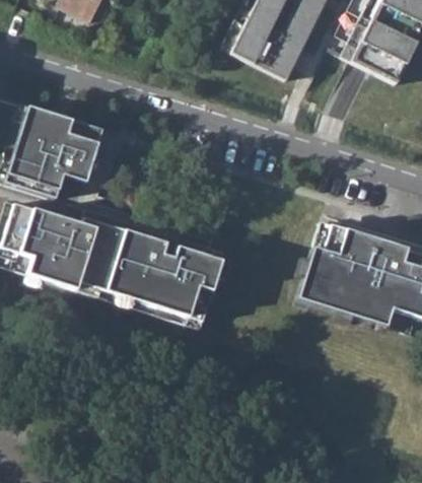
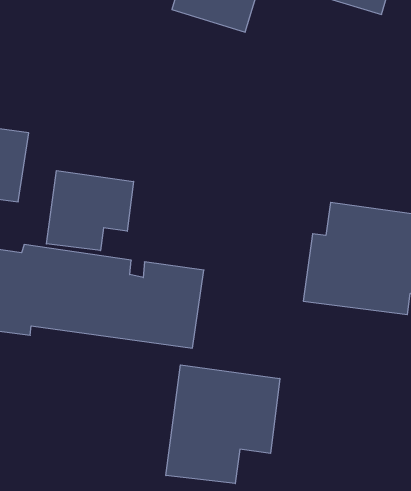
building: none -> [46,171,134,251]
building: none -> [166,365,280,484]

